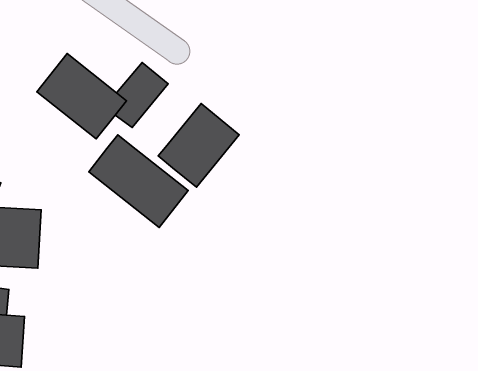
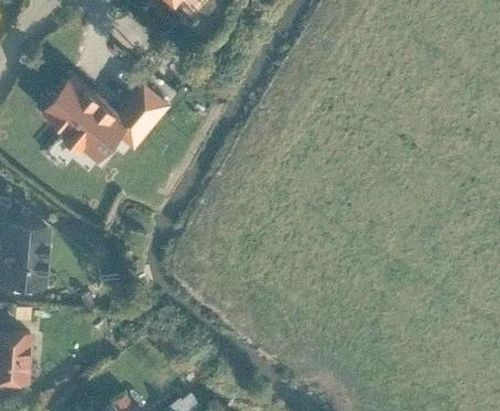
building: [158,104,239,187] -> none
building: [89,135,188,227] -> none

